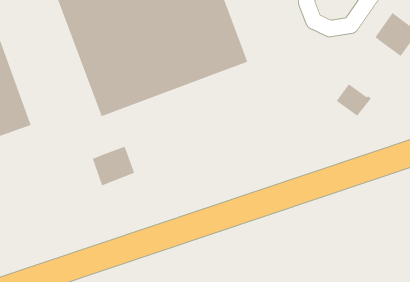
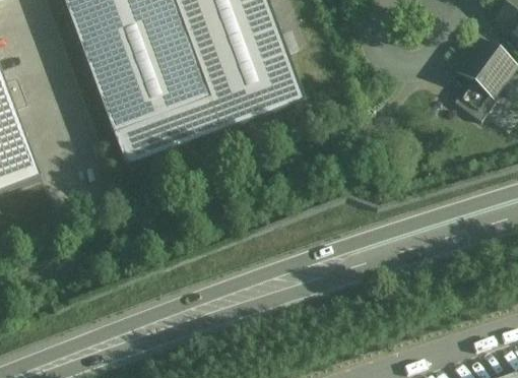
building: [336,83,372,117] -> [454,76,498,117]
building: [92,146,135,186] -> none

